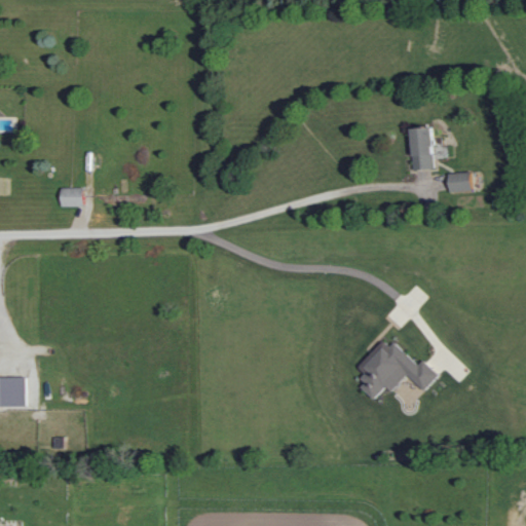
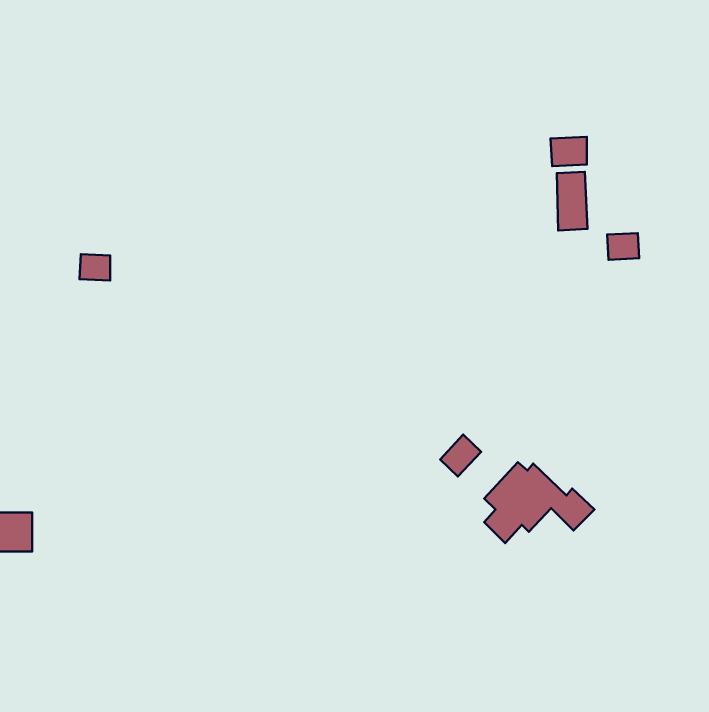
building: none -> [551,137,587,166]
building: none -> [440,435,481,476]

